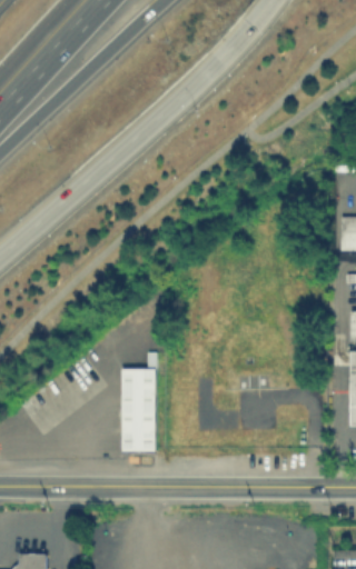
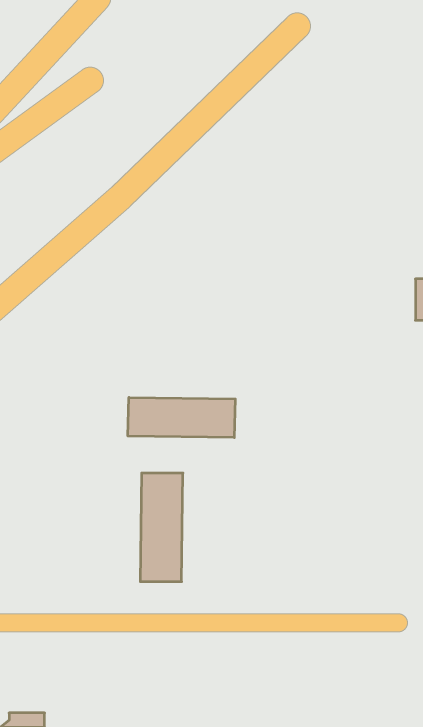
building: none -> [128,397,235,438]

